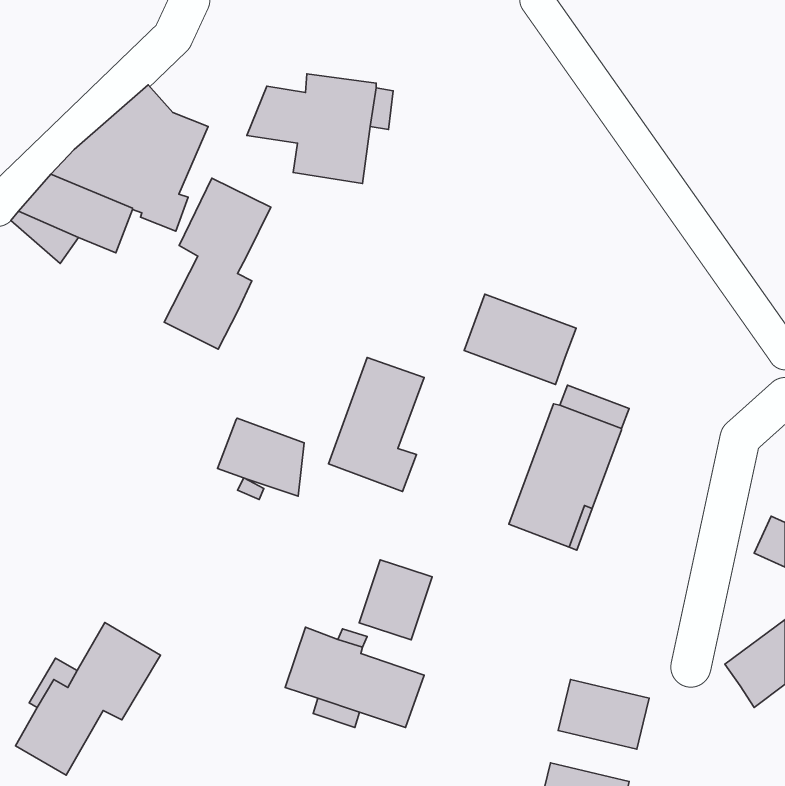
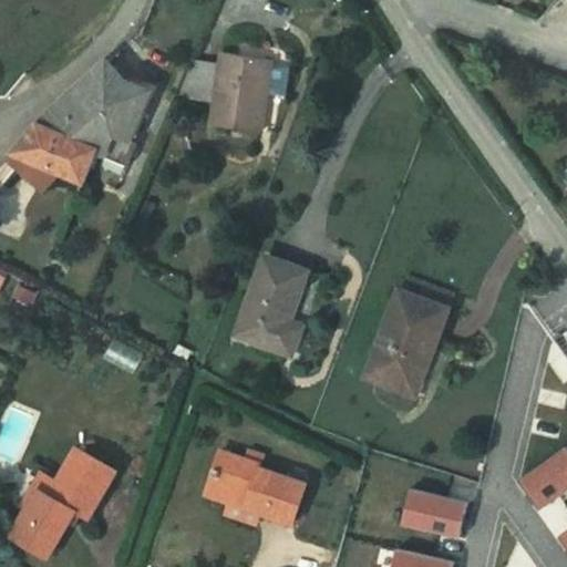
building: [164,178,271,349] -> none
building: [464,294,576,385] -> none
building: [218,418,304,496] -> none
building: [359,560,432,640] -> none

